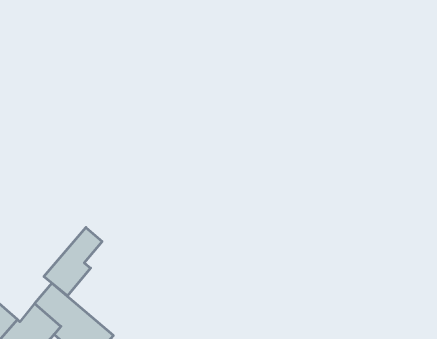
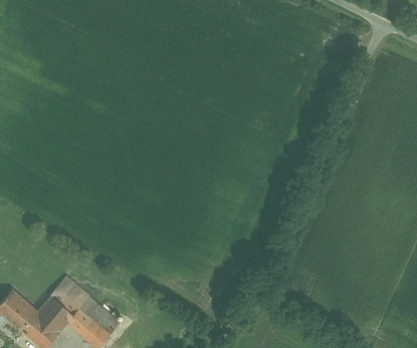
building: [44,227,102,296] -> none

